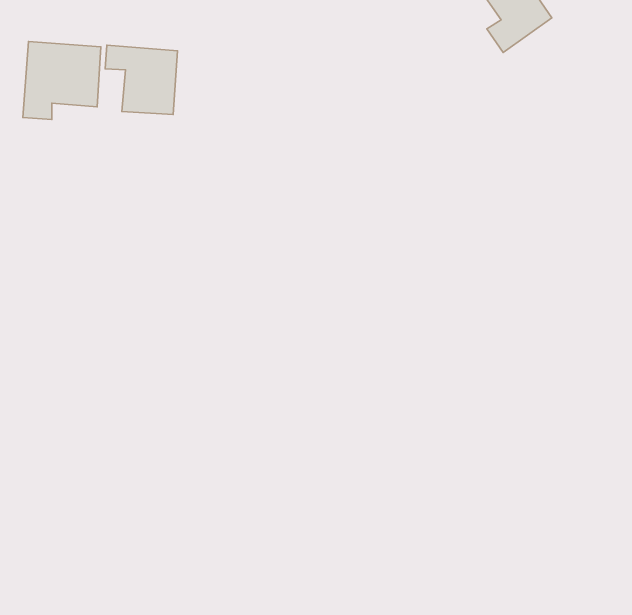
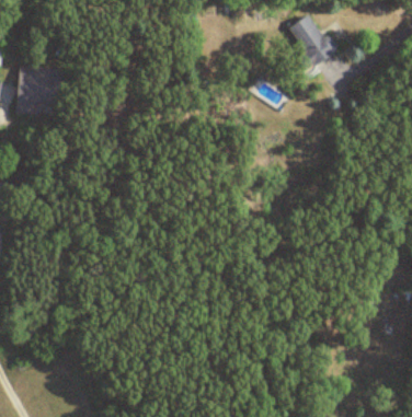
building: [105,45,178,114] -> none

